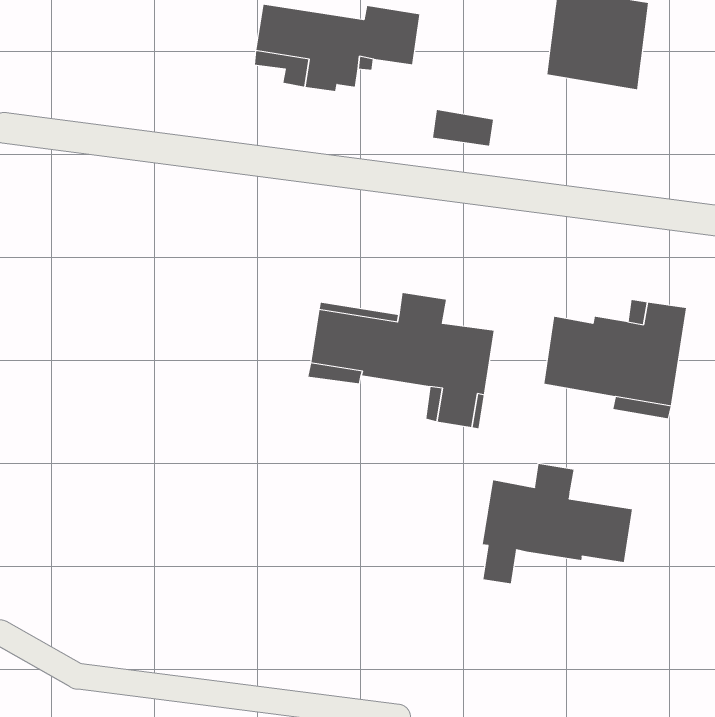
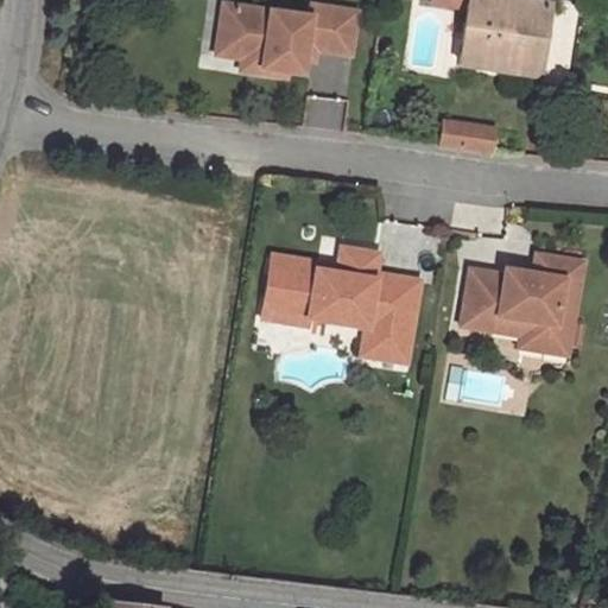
building: [432,110,494,146] -> [443,121,495,152]
building: [482,463,633,584] -> none

